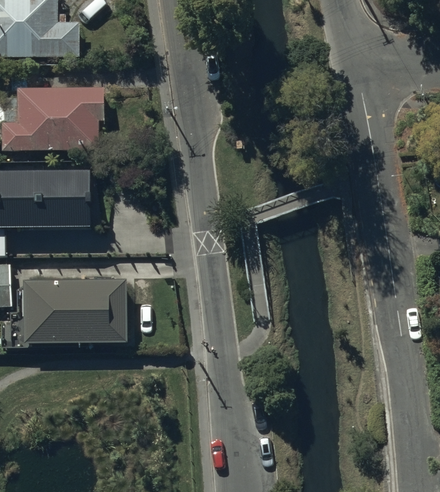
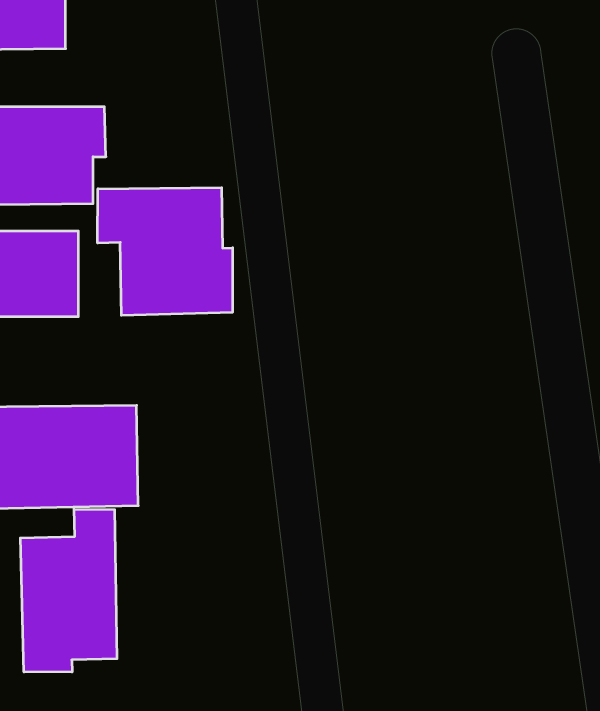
building: none -> [98,188,233,315]
building: none -> [20,509,117,672]

